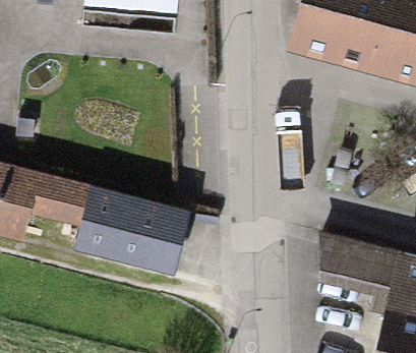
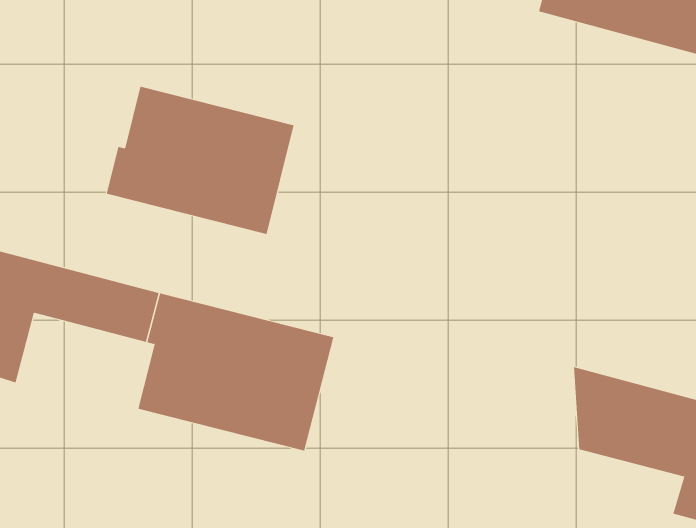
building: none -> [106,86,294,235]

